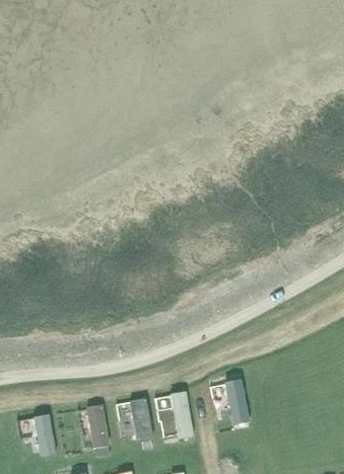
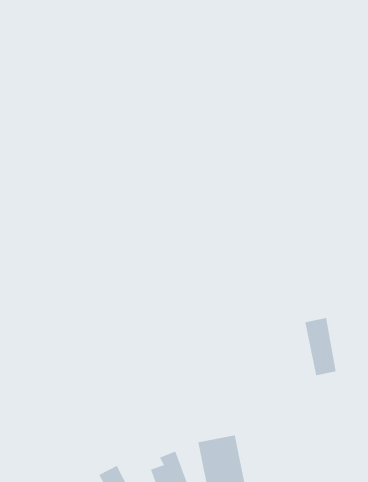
building: [226,378,245,420] -> [305,318,336,376]

